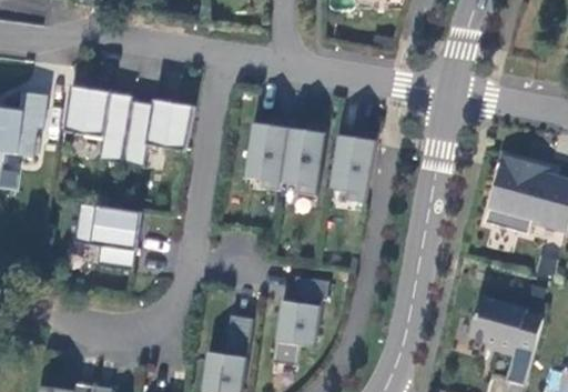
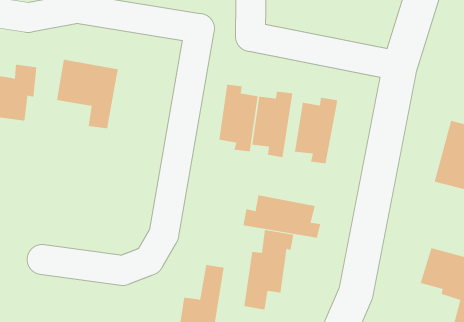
building: [122,100,195,168] -> none
building: [74,201,141,270] -> none
building: none -> [243,194,321,238]

